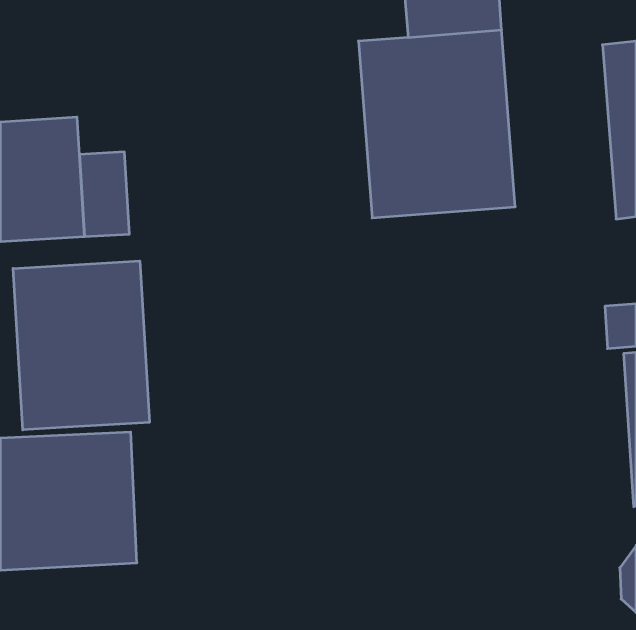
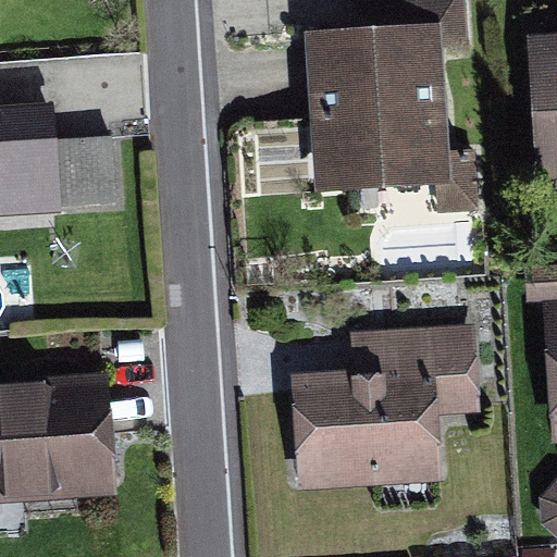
building: [13,261,149,430] -> none
building: none -> [297,335,476,476]

